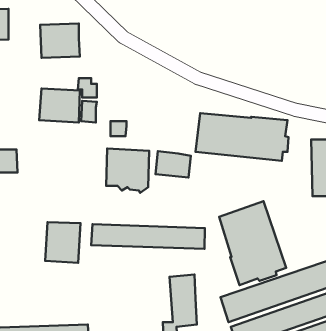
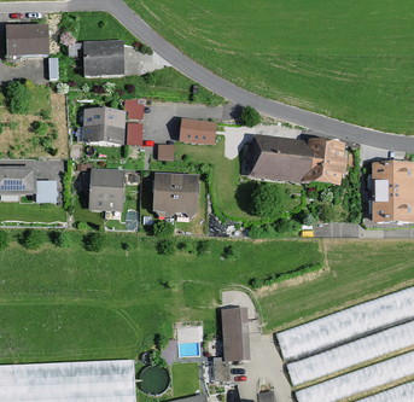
building: [156,151,191,177] -> [180,117,217,145]
building: [219,201,286,285] -> none
building: [45,222,80,263] -> [88,168,126,211]
building: [91,224,205,249] -> none

